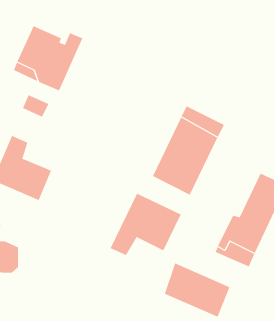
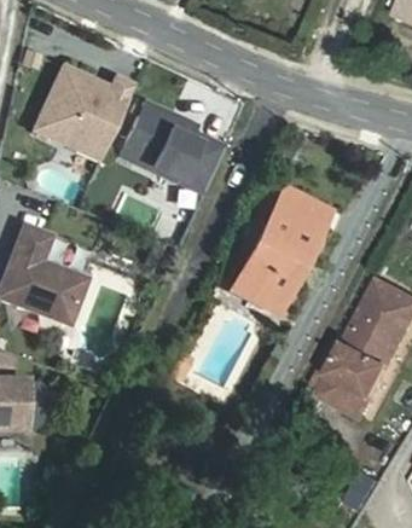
building: none -> [117,100,222,195]
building: [110,193,182,256] -> none
building: [164,263,230,318] -> none

